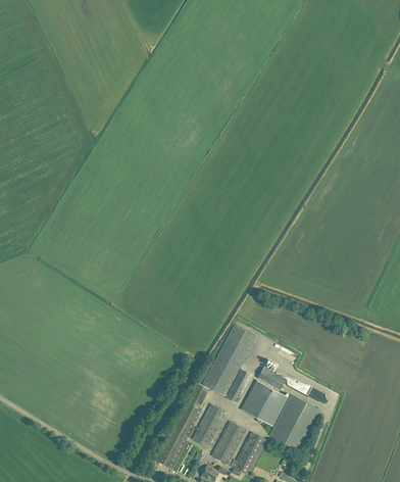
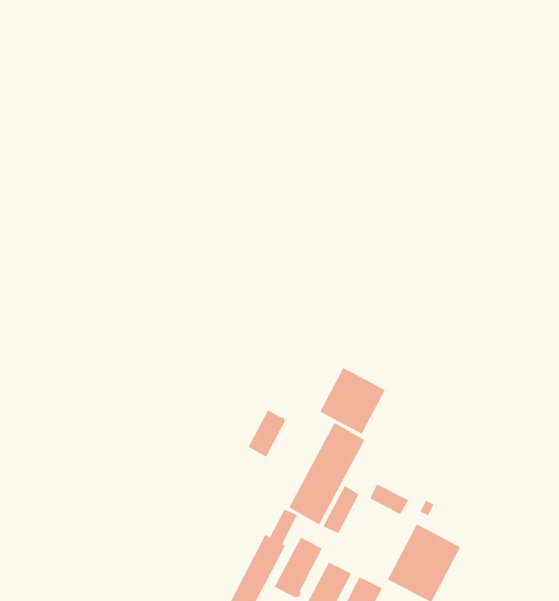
building: none -> [320,367,385,435]
building: none -> [248,410,286,458]
building: [241,381,288,427] -> none

